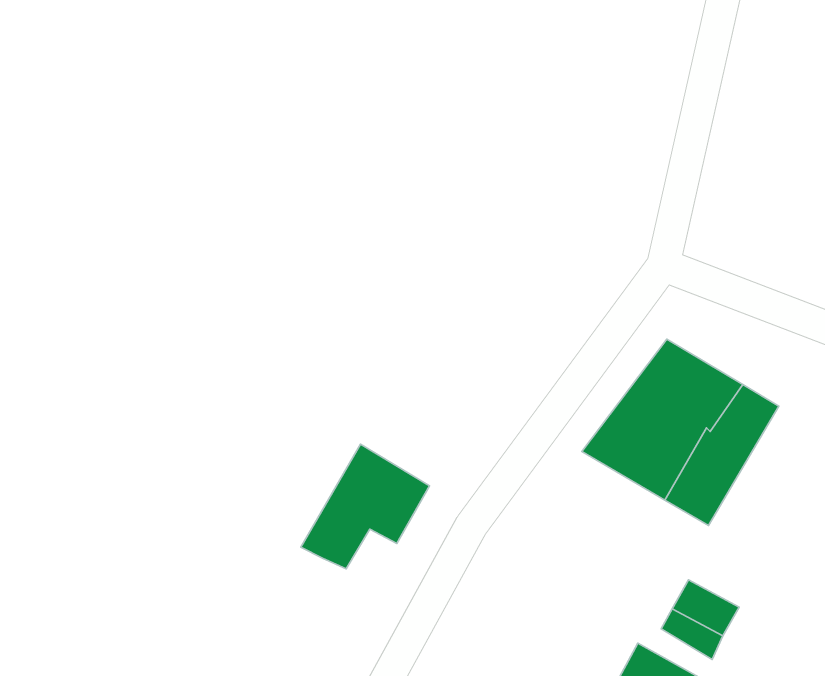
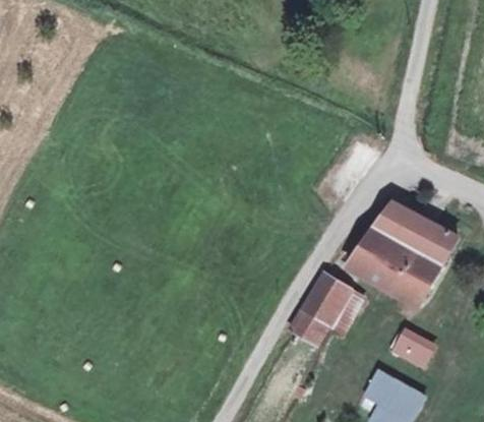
building: [301,444,429,569] -> [290,274,362,344]

